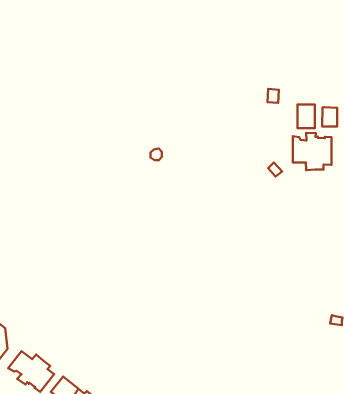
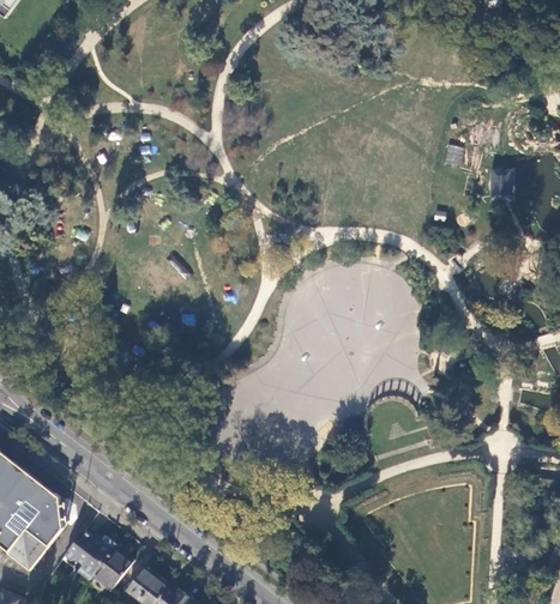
building: [322,107,337,127] -> none
building: [293,133,332,170] -> none

